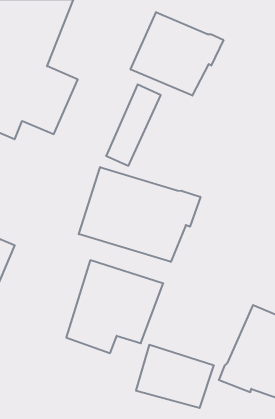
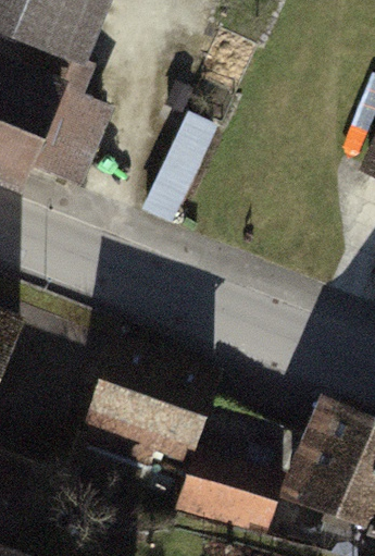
building: [131,12,223,96] -> none
building: [79,167,200,262] -> none

